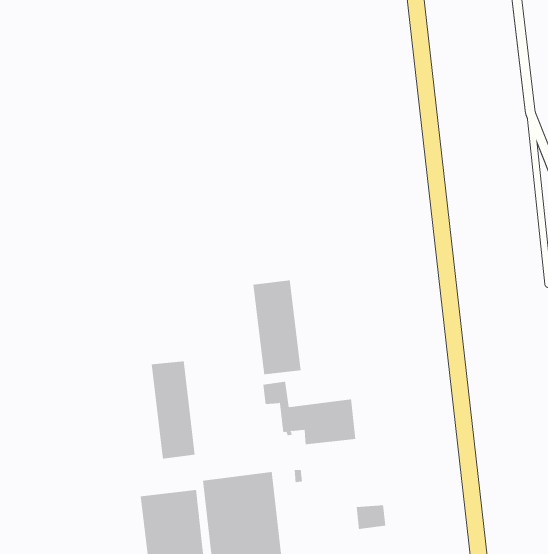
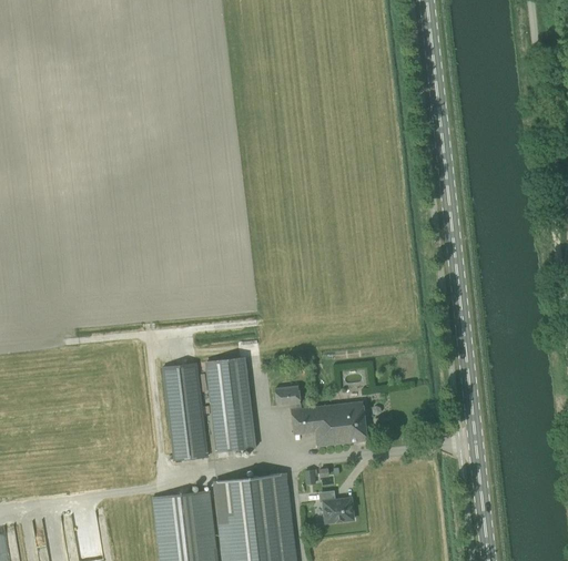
building: [252,280,302,375] -> [206,358,255,452]
building: [356,505,386,529] -> [323,499,353,523]

